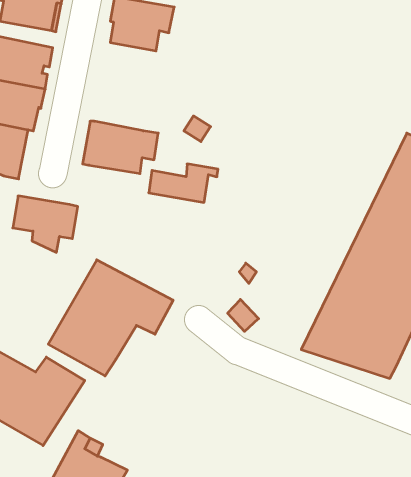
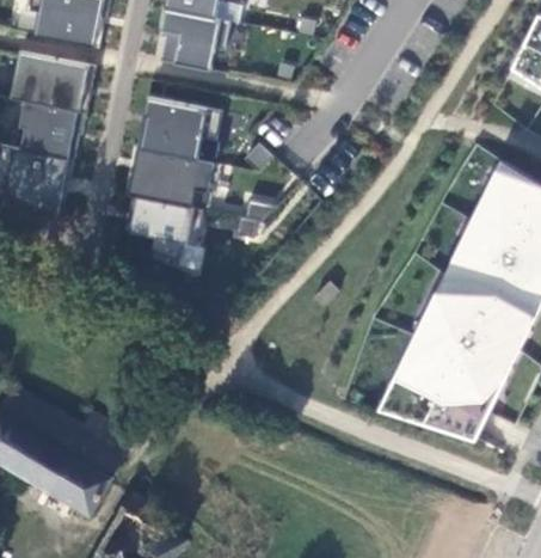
building: none -> [143,98,225,160]
building: [13,196,78,252] -> [131,198,204,262]
building: [48,260,173,376] -> none

